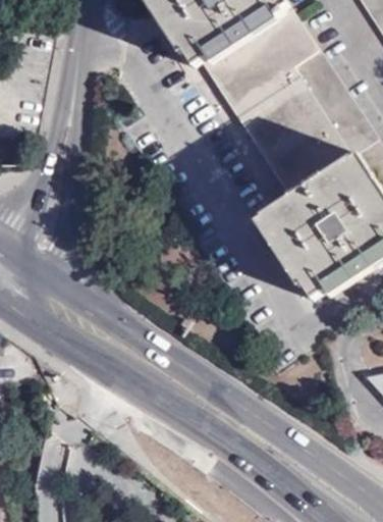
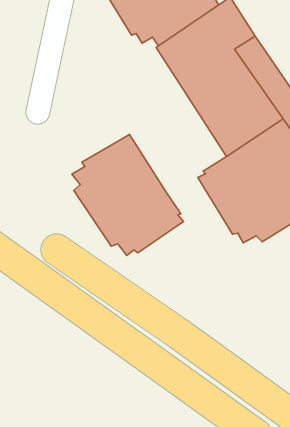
building: none -> [72,135,183,255]

